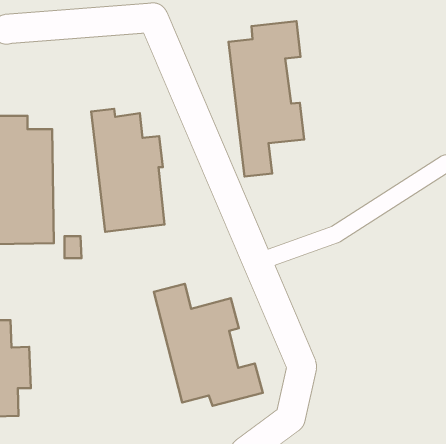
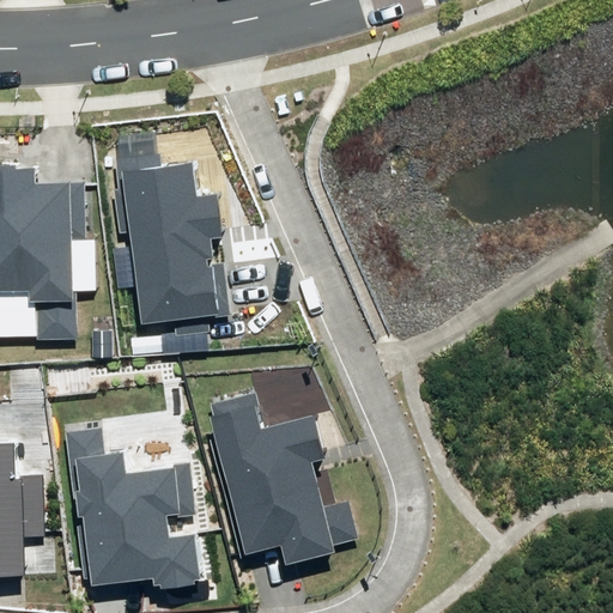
building: [229,21,304,177] -> none
building: none -> [63,430,201,587]

